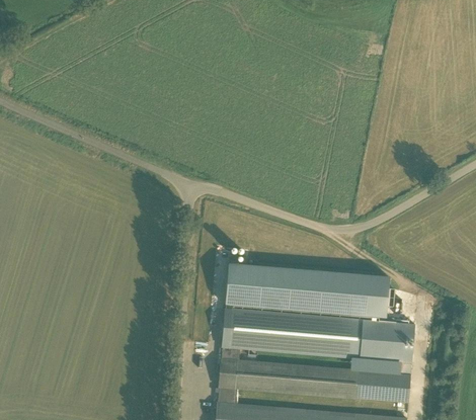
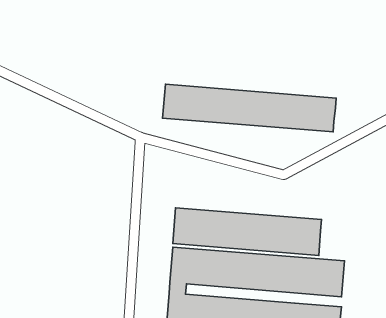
building: none -> [163,84,336,132]

